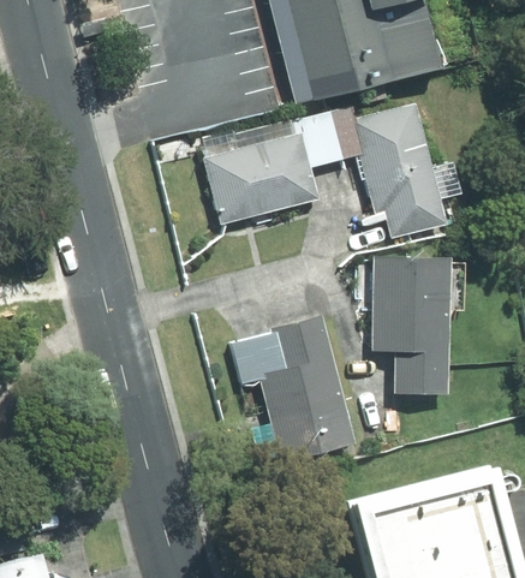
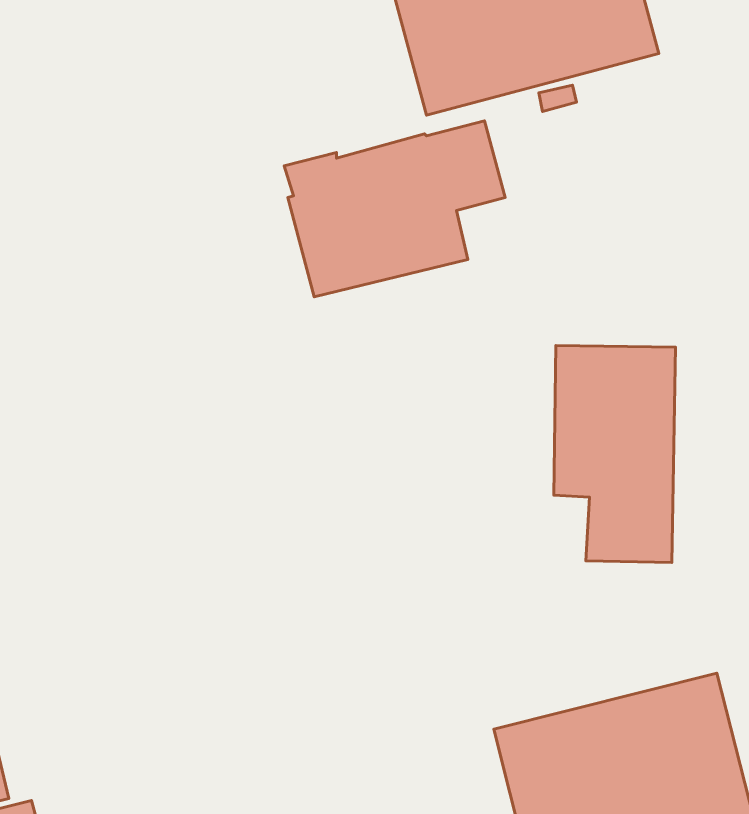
building: [329,101,446,238] -> none
building: [232,315,356,463] -> none

